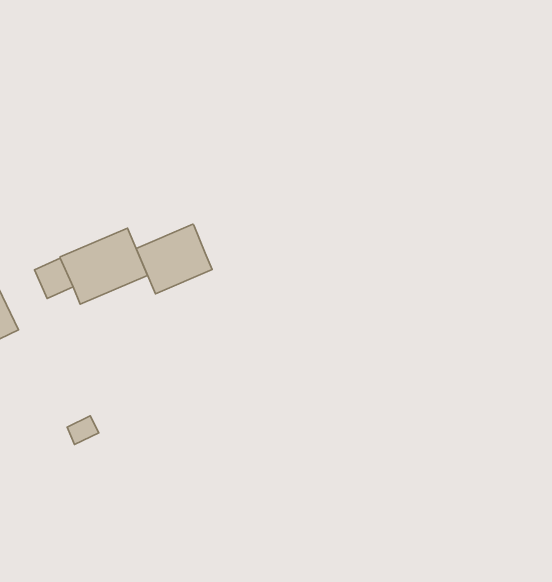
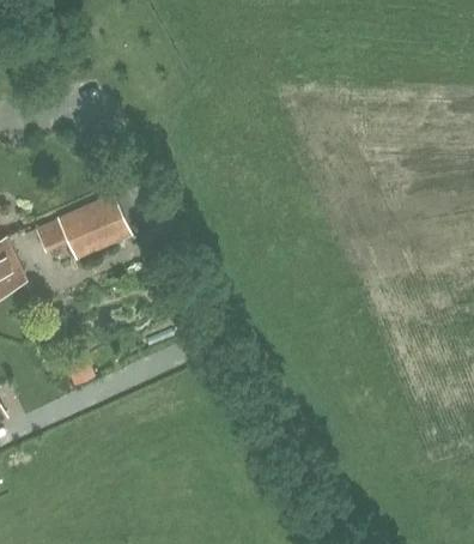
building: [136,224,212,294] -> none

